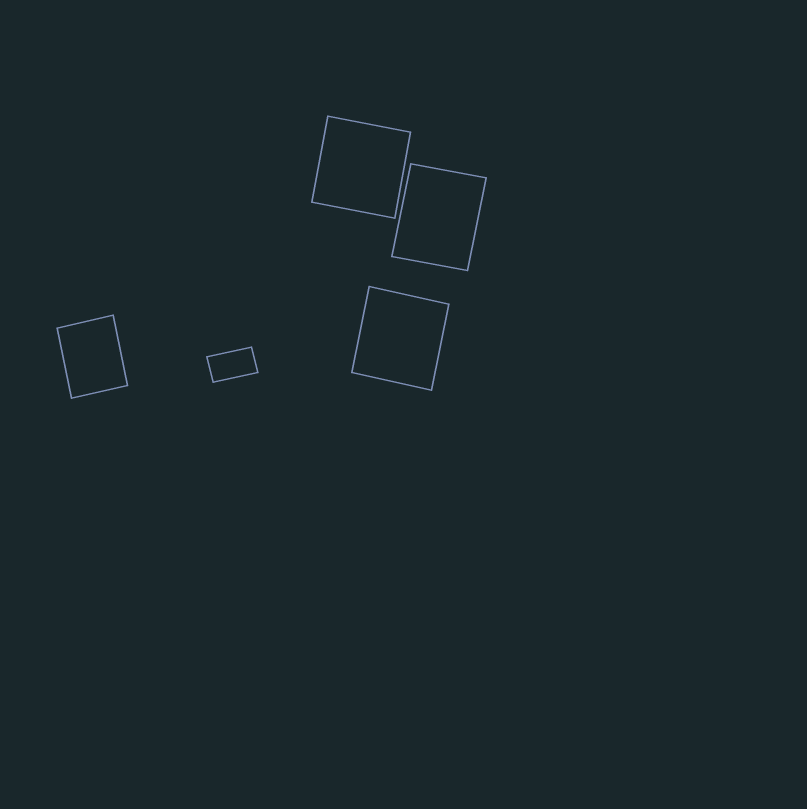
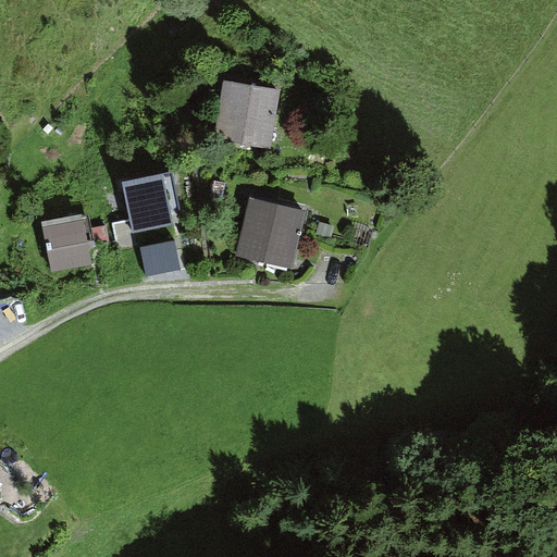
building: [392,164,486,270] -> none
building: none -> [125,177,172,234]

